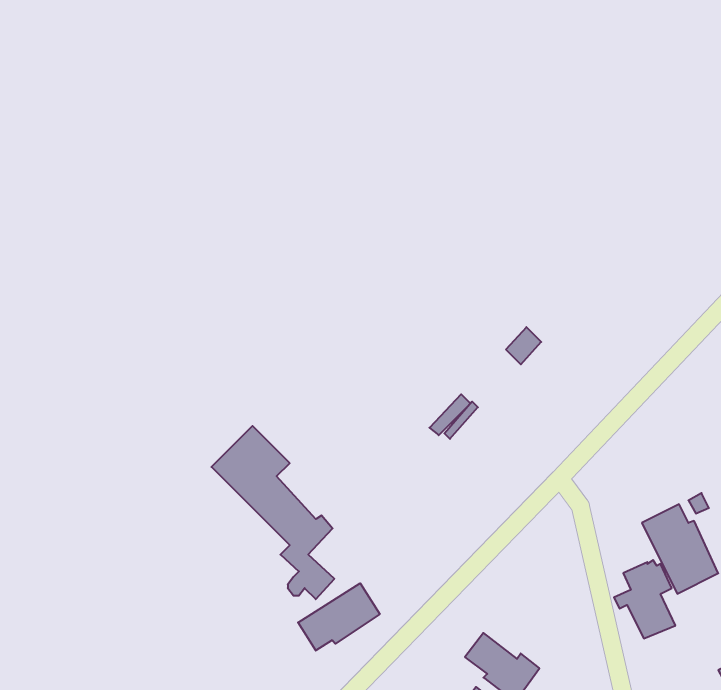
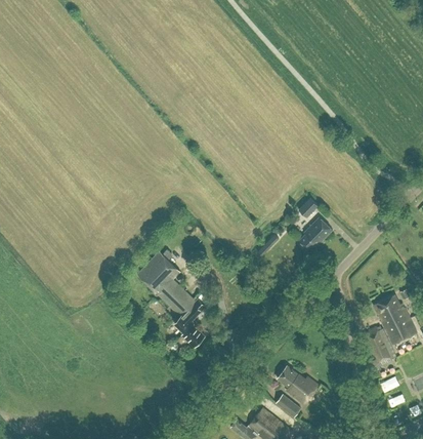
building: none -> [299,217,333,250]
building: [298,583,380,651] -> none

